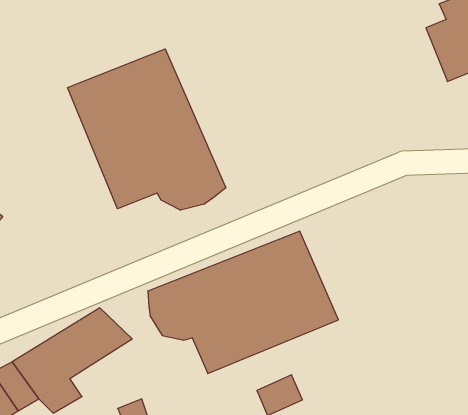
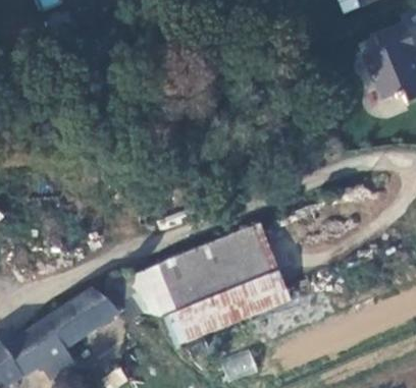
building: [67,49,226,210] -> none

